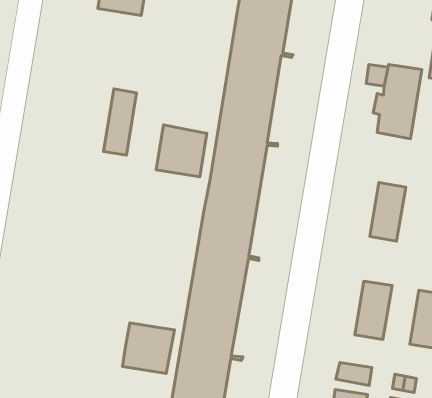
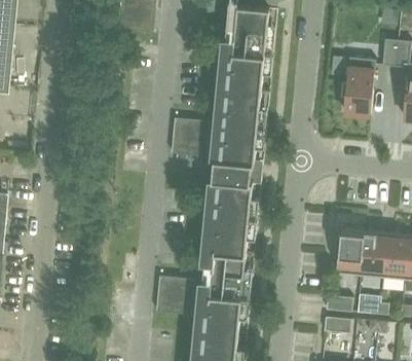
building: [104,89,136,155] -> none
building: [370,183,406,241] -> [360,232,385,278]

